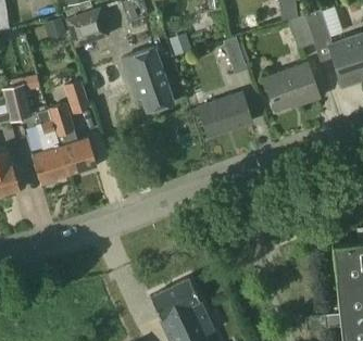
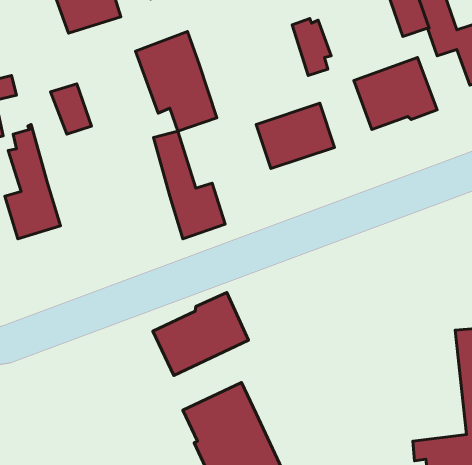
building: [49,103,97,175] -> [153,131,225,239]
building: none -> [153,292,249,376]

